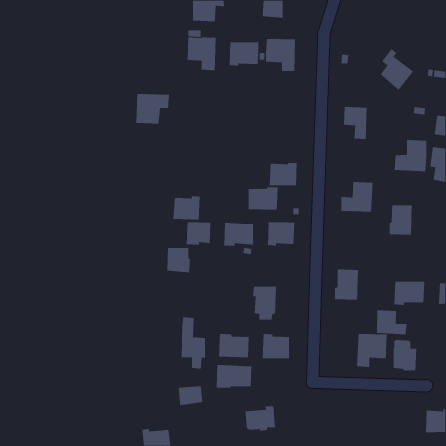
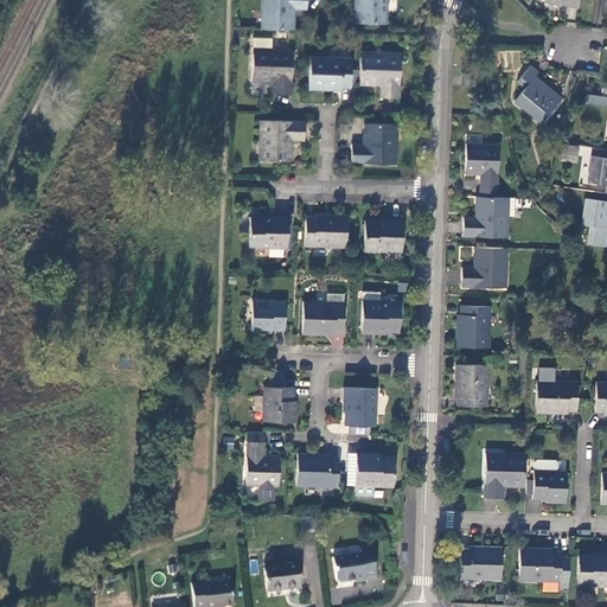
building: none -> [352,123,398,165]
building: [136,94,170,124] -> [260,120,306,161]
building: [394,140,427,172] -> [464,197,509,241]
building: [248,187,278,210] -> [307,216,349,248]
building: [173,196,200,220] -> [251,216,289,249]
building: [389,205,413,235] -> [458,307,490,349]
building: [166,247,191,273] -> [263,388,296,422]
building: [376,310,407,335] -> none
building: [216,364,252,389] -> none
building: [178,386,203,406] -> [264,567,299,594]
building: none -> [460,549,501,581]
building: none -> [518,551,561,583]

